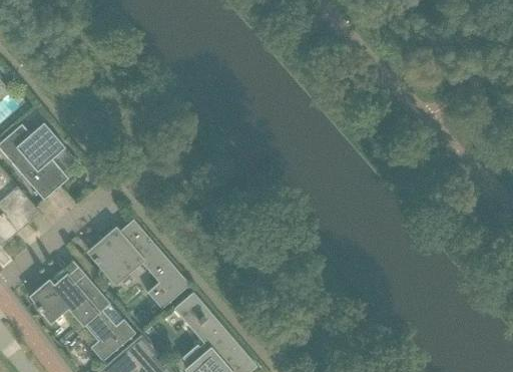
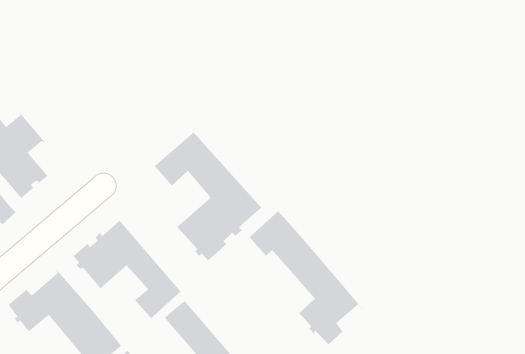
building: none -> [154,131,262,261]
building: none -> [249,210,365,345]

